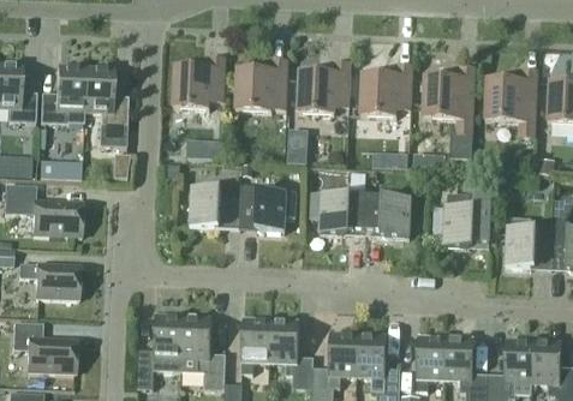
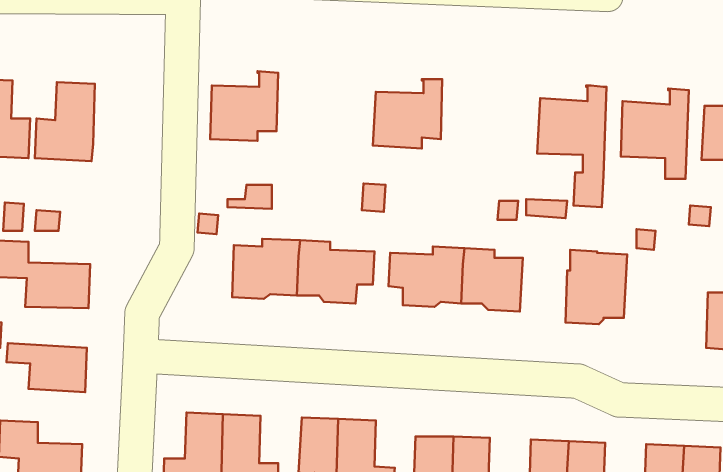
building: [235,59,287,112] -> none
building: [359,64,411,116] -> none
building: [84,65,127,145] -> none
building: [505,217,551,268] -> none

